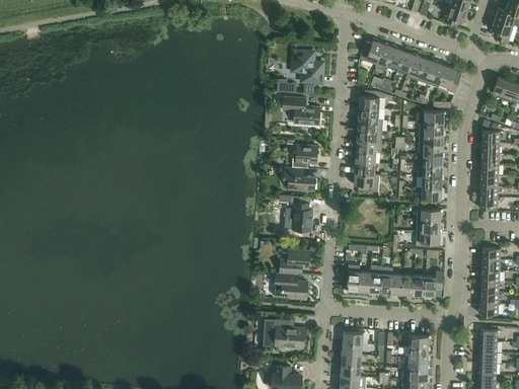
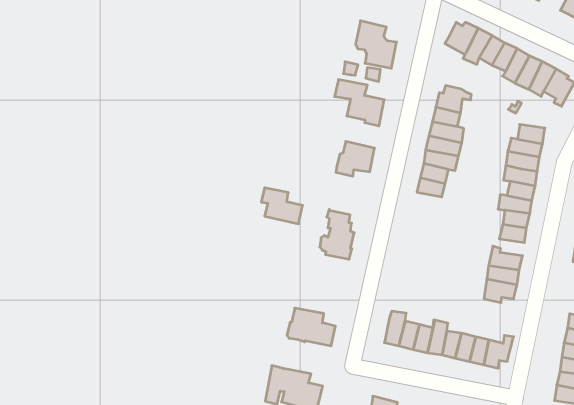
building: [284,167,315,190] -> [261,188,303,224]
building: [354,172,379,191] -> none
building: [280,249,310,274] -> none

